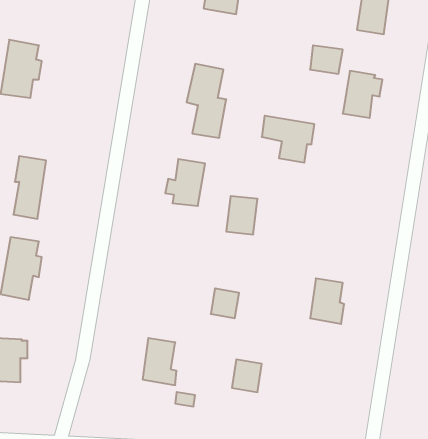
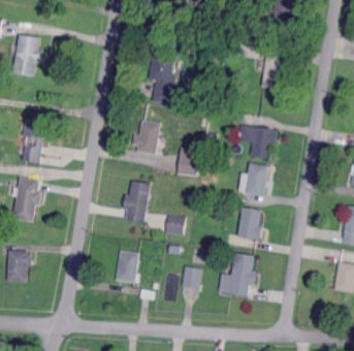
building: [262,116,314,163] -> [238,124,277,158]
building: none -> [237,162,268,196]
building: none -> [123,181,152,222]
building: none -> [228,252,257,296]

